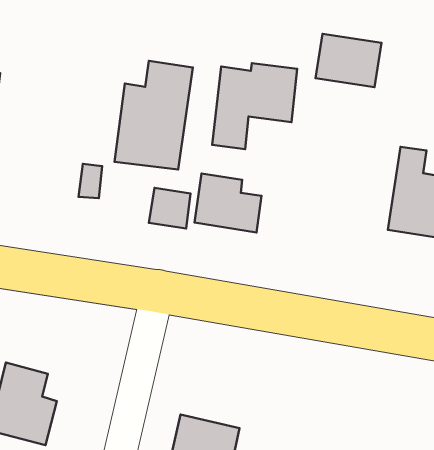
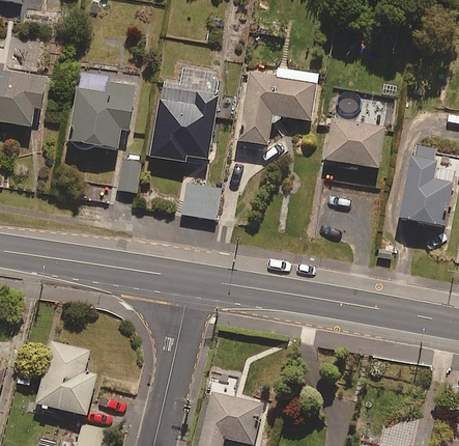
building: [316,34,381,87] -> [324,119,384,168]
building: none -> [68,79,135,150]
building: [194,174,261,232] -> none

